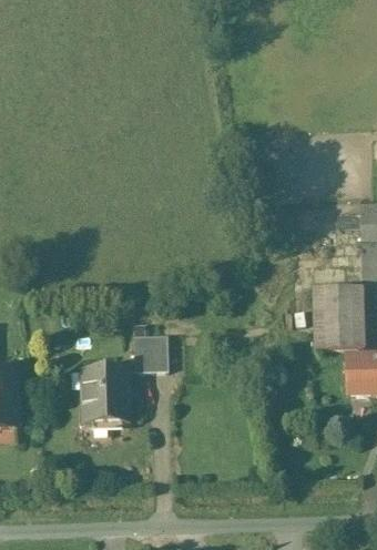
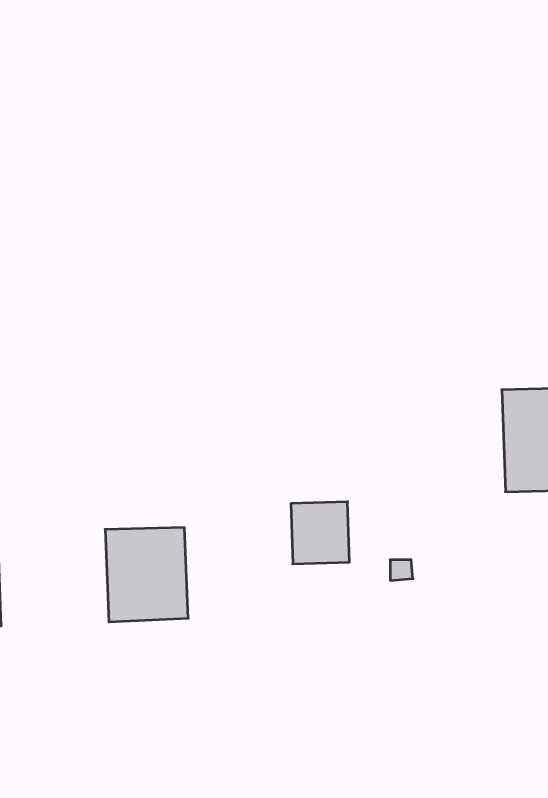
building: [133,333,167,369] -> [291,502,349,564]

